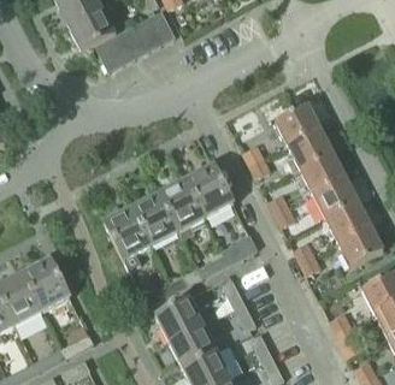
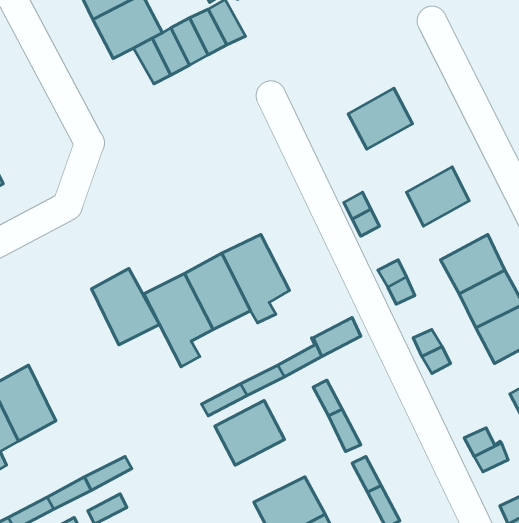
building: [276,103,322,147] -> [348,88,413,149]
building: [301,153,347,195] -> none
building: [185,162,234,217] -> none
building: [20,255,69,309] -> [92,268,159,345]
building: [167,322,217,367] -> none

